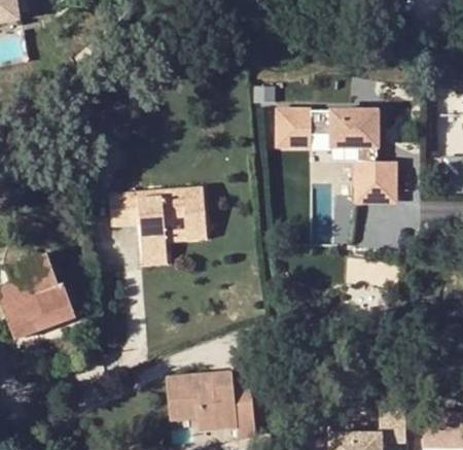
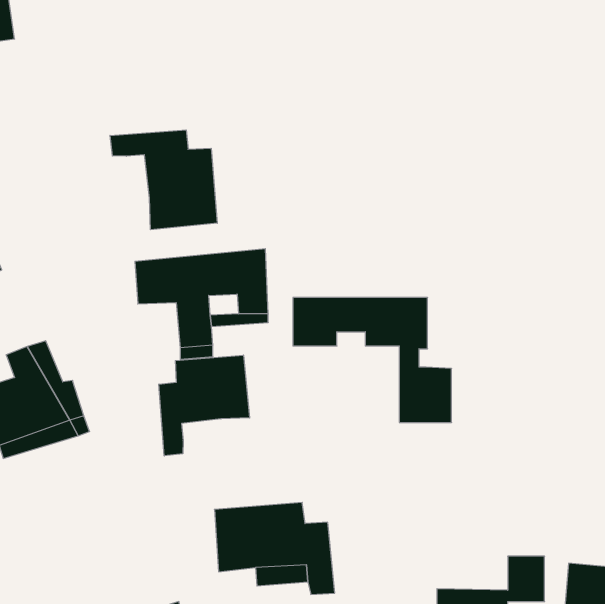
building: none -> [110,130,217,230]
building: [280,114,395,205] -> [293,298,452,422]
building: none -> [159,355,250,456]

